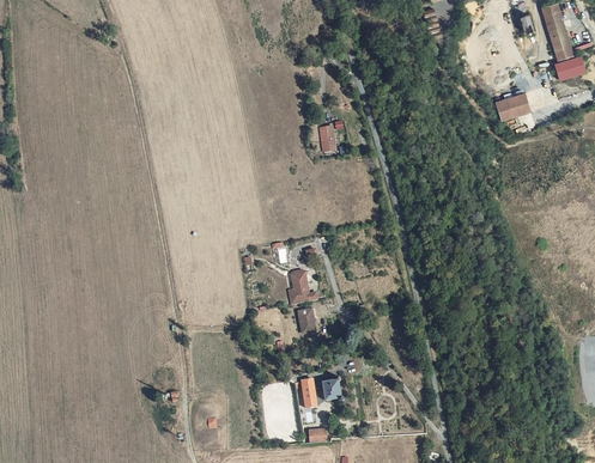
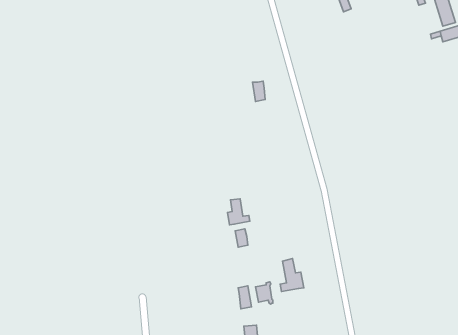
building: [497,92,530,118] -> none
building: none -> [280,259,304,291]

